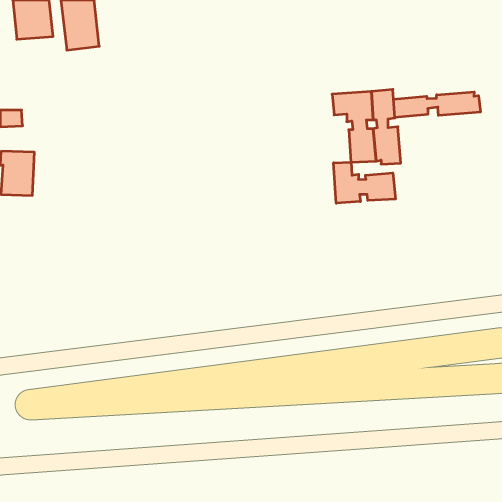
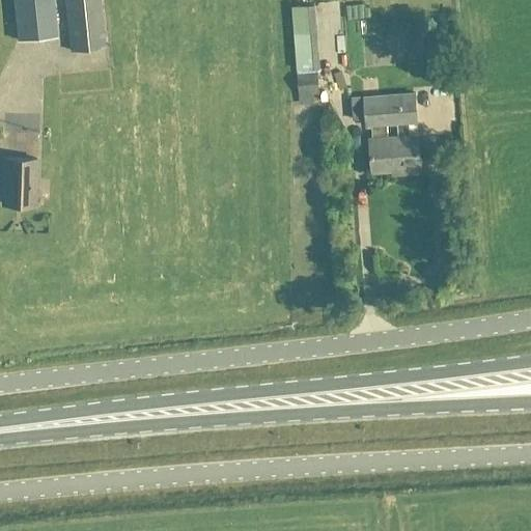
building: none -> [291,5,319,96]
building: [394,92,480,117] -> none
building: [334,162,395,203] -> none

